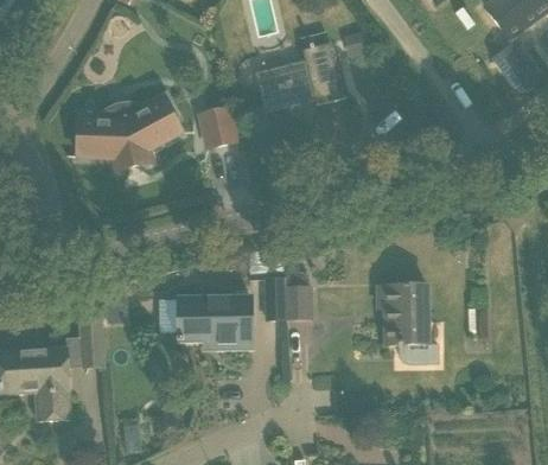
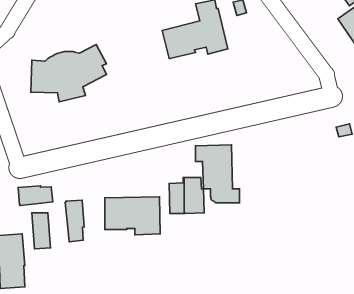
building: [199,109,235,148] -> none
building: none -> [18,186,53,206]
building: [377,286,437,364] -> [195,145,239,203]
building: none -> [65,200,84,242]

